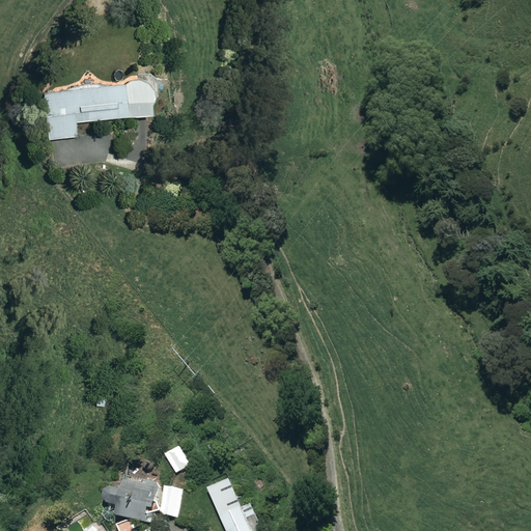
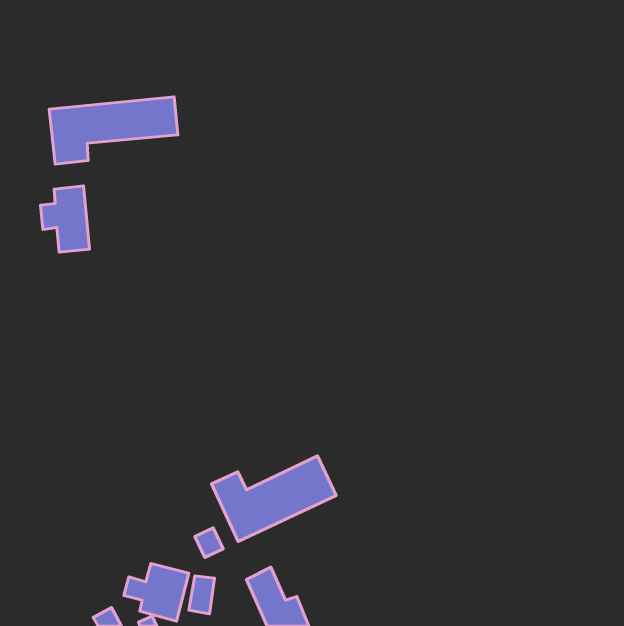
building: none -> [40,186,90,252]
building: none -> [212,456,336,542]

